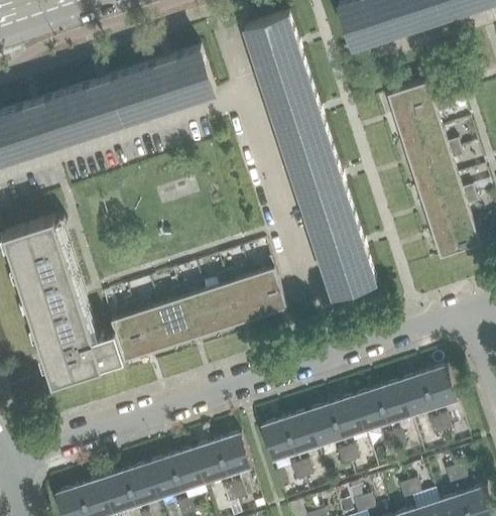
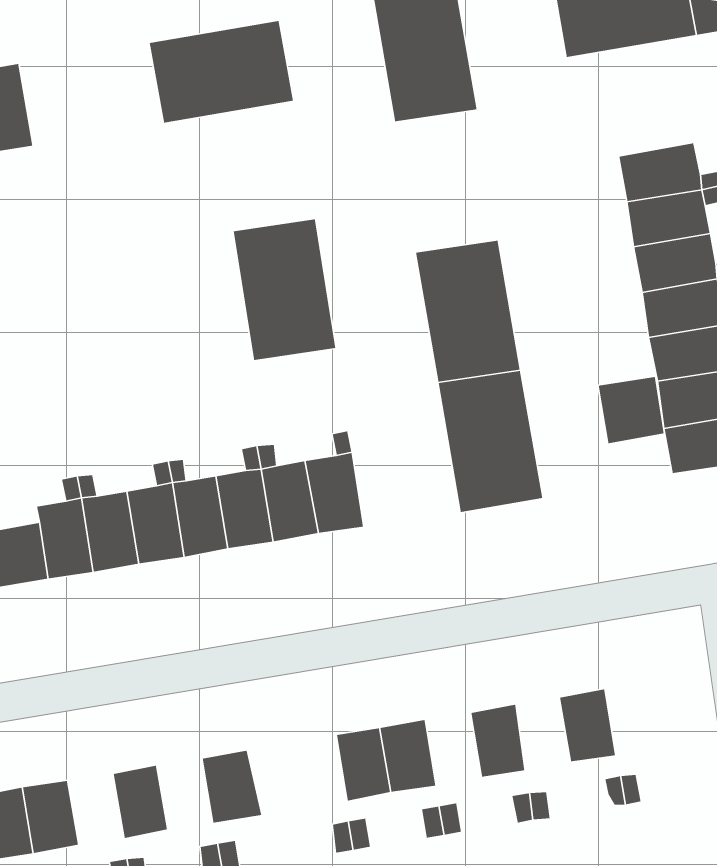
building: [65,72,145,135] -> none
building: [266,81,330,160] -> [233,218,336,361]
building: none -> [598,376,665,444]
building: [421,367,456,408] -> none
building: [376,382,409,423] -> none
building: [330,397,364,438] -> none
building: [260,419,295,461] -> none
building: [193,442,227,483] -> none
building: [147,458,181,498] -> none

